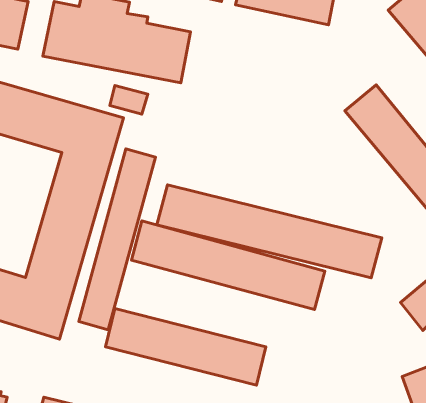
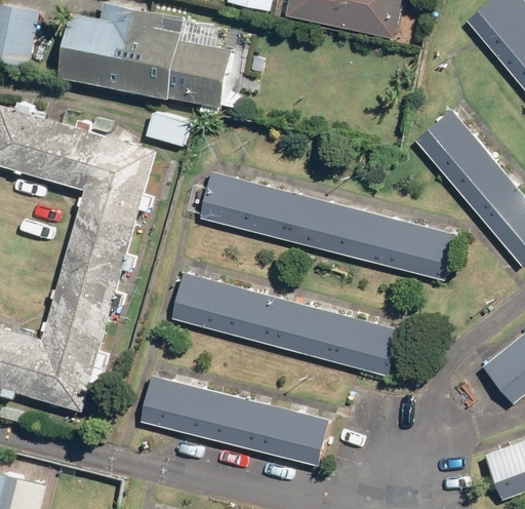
building: [79,149,155,330] -> none
building: [157,185,382,278] -> [193,170,458,280]

